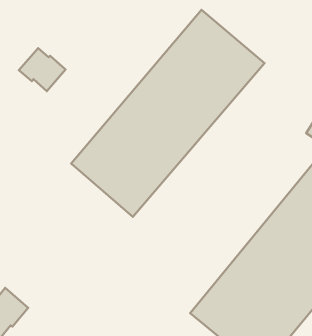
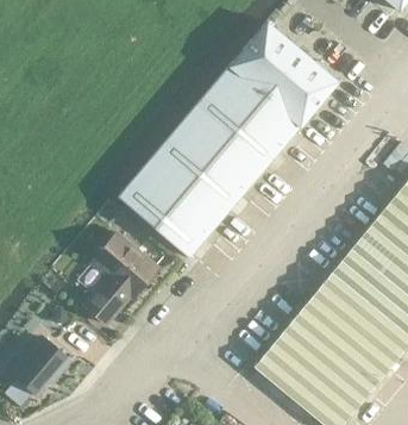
building: [19,48,66,91] -> none
building: none -> [86,232,159,324]

